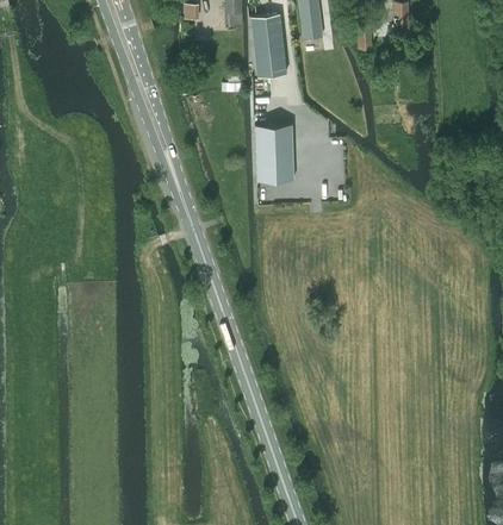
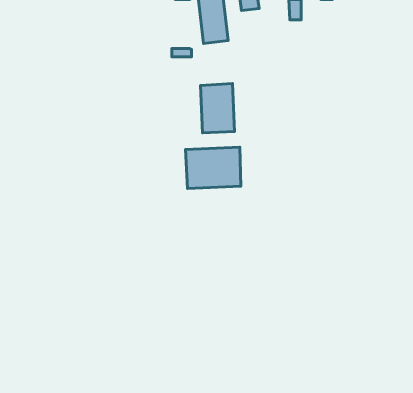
building: none -> [185,147,241,189]

